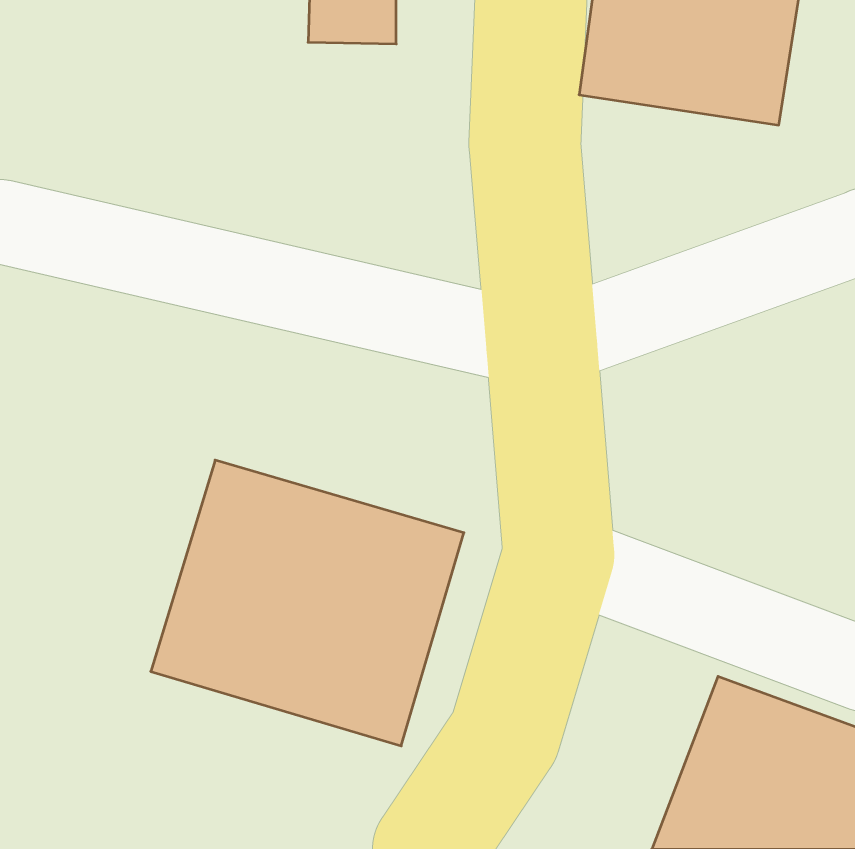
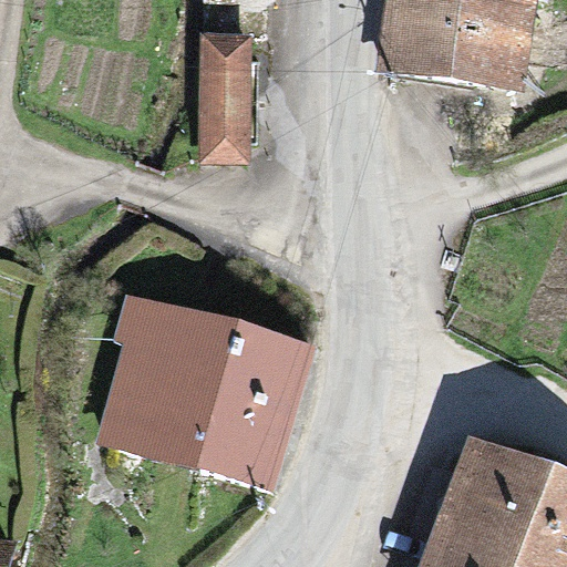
building: none -> [197,32,252,156]

